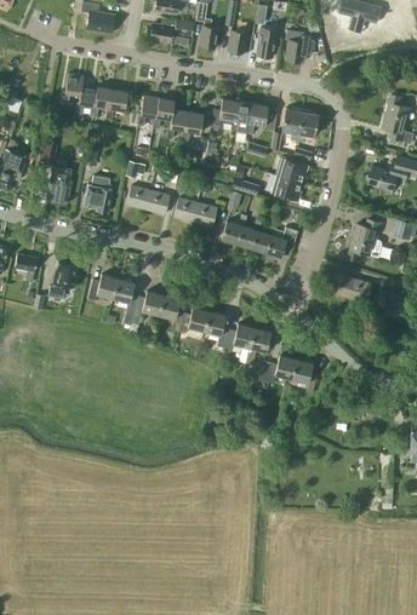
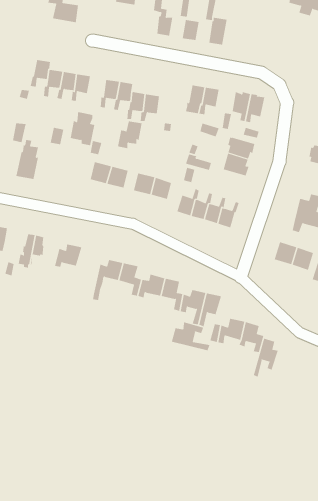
building: [149,18,194,41] -> none
building: [285,29,316,62] -> none
building: [210,98,238,128] -> [117,121,143,149]
building: [84,174,112,212] -> [70,112,95,146]
building: [112,277,137,328] -> none
building: none -> [171,321,210,351]
building: none -> [253,338,278,378]

